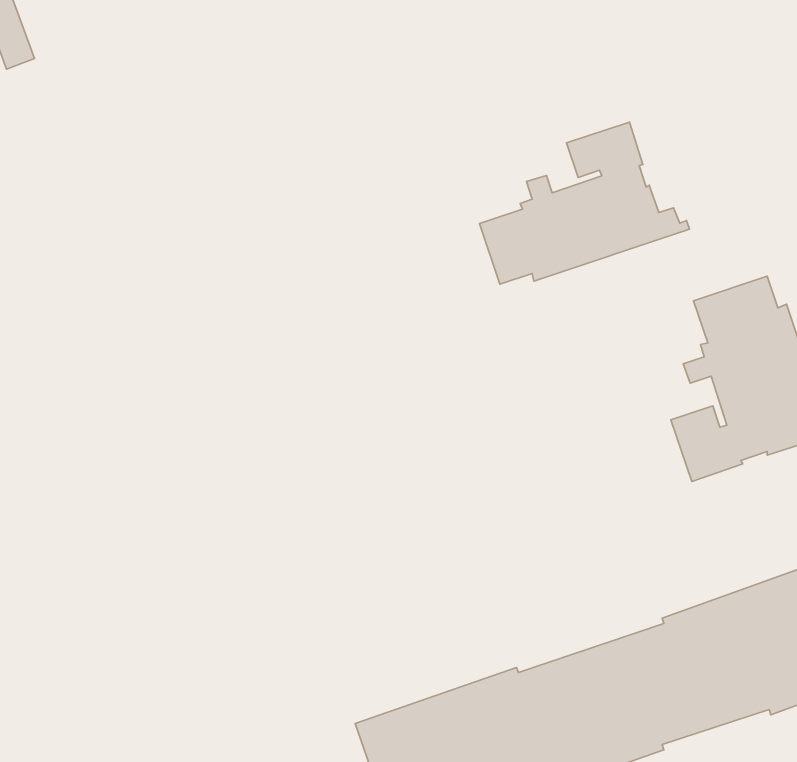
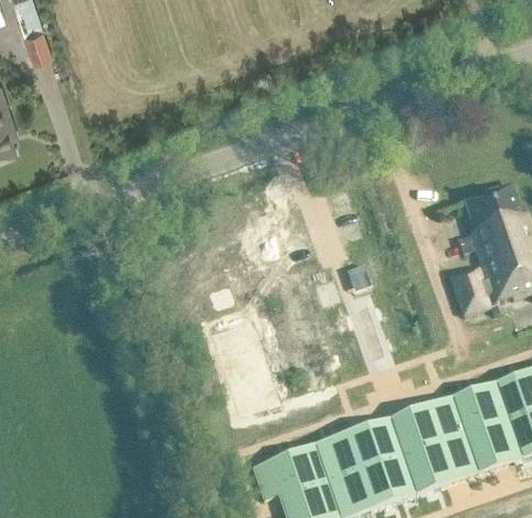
building: [480,122,690,284] -> none

